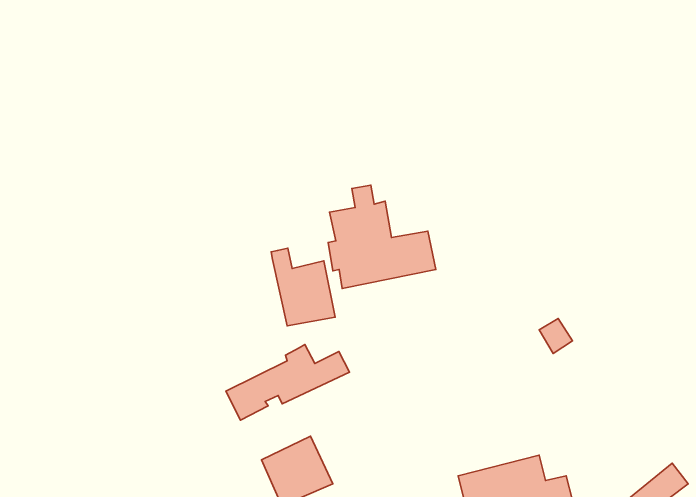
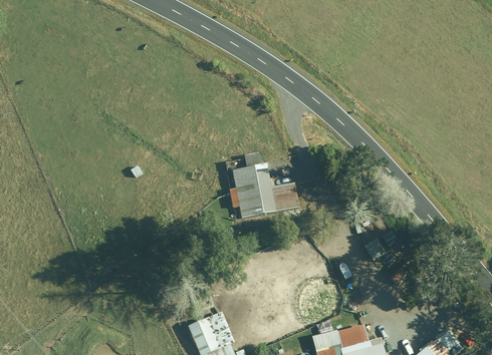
building: [271,248,335,326] -> none
building: [226,345,350,420] -> none

